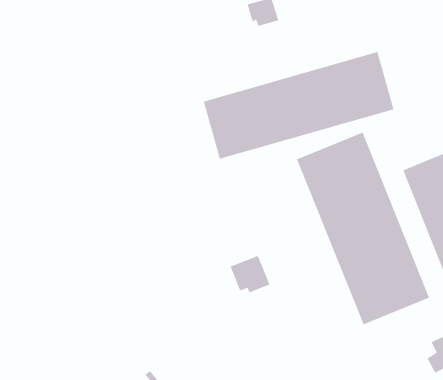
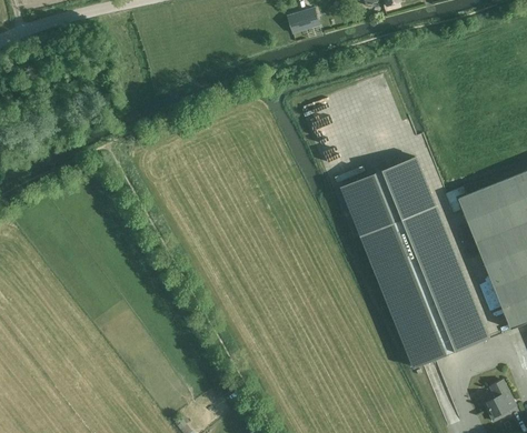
building: [203,51,394,160] -> none
building: [230,255,270,293] -> none

